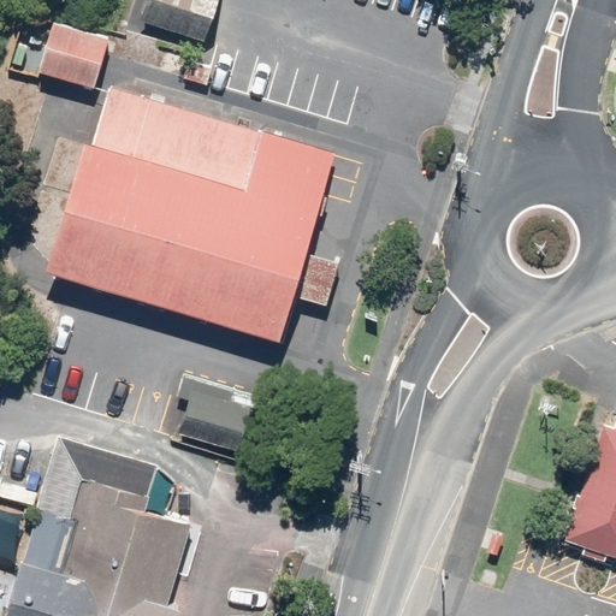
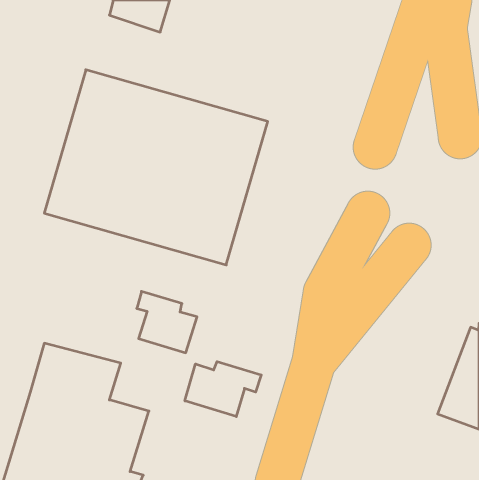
building: [38,23,108,89] -> none
building: none -> [185,362,261,417]

